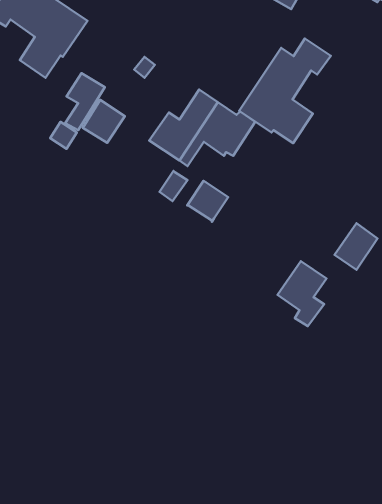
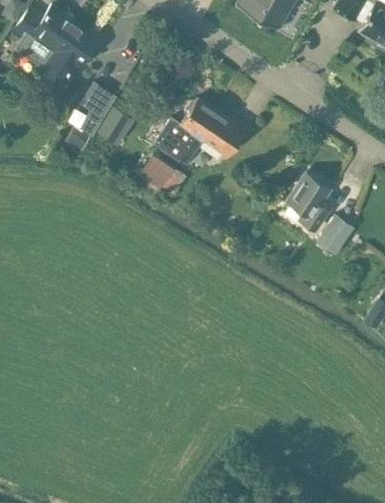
building: [239,38,331,143] -> none
building: [187,181,228,222] -> [140,155,175,190]
building: [278,261,326,326] -> [287,173,330,230]

